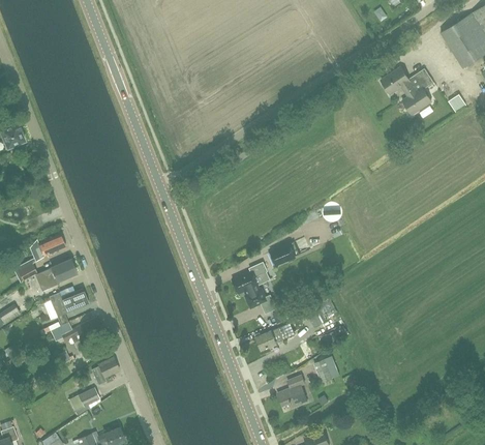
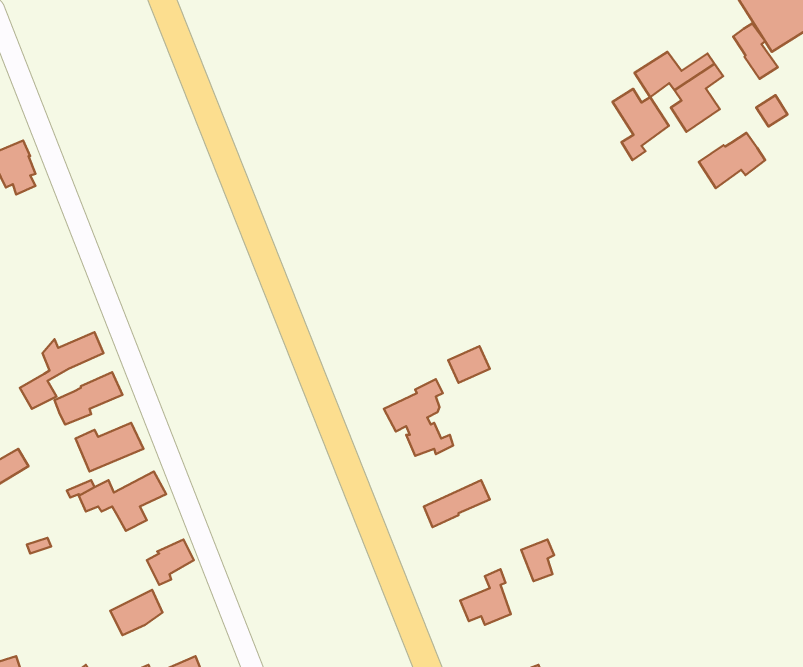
building: none -> [733,24,778,79]
building: none -> [612,89,669,160]
building: none -> [699,133,765,188]

